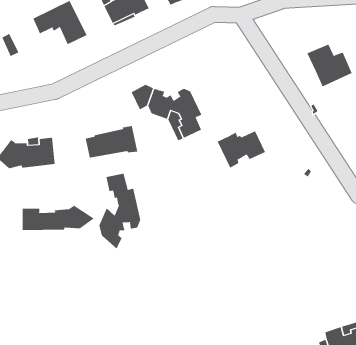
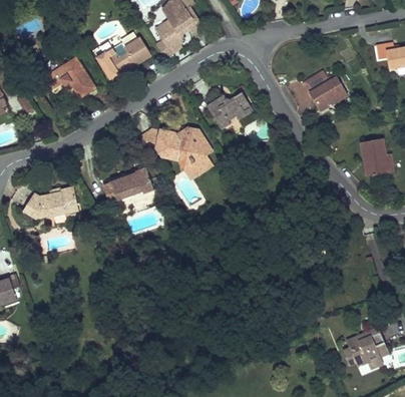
building: [217,131,266,169] -> [207,91,254,129]
building: [99,173,141,249] -> none
building: [22,205,95,231] -> none

